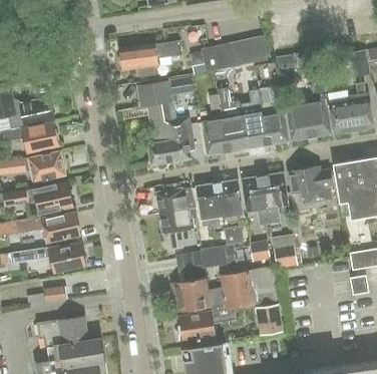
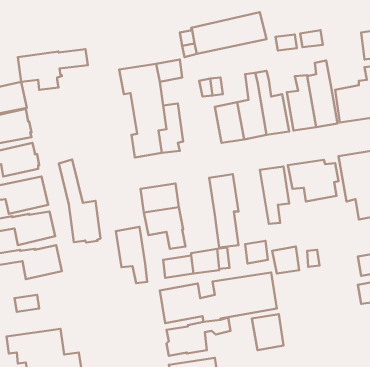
building: [119,41,181,77] -> [18,49,88,90]
building: [202,119,228,155] -> none
building: none -> [59,160,100,243]
building: [242,175,270,226] -> none
building: [196,182,224,233] -> [116,227,147,283]

